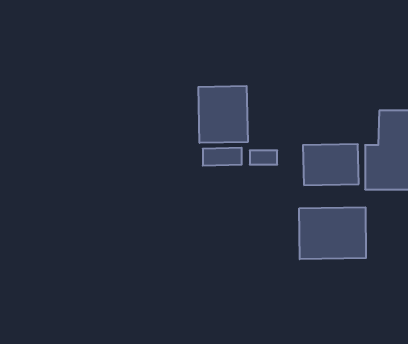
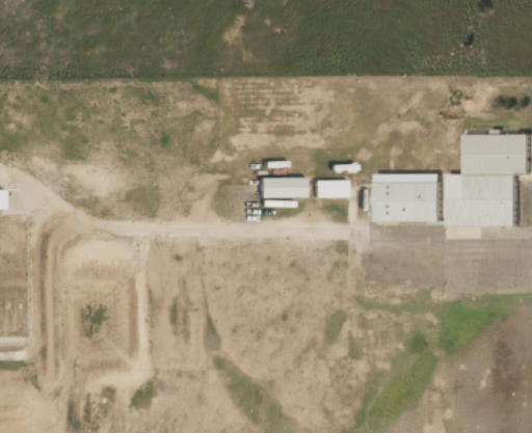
building: [198,86,248,143] -> none
building: [299,207,366,259] -> none

